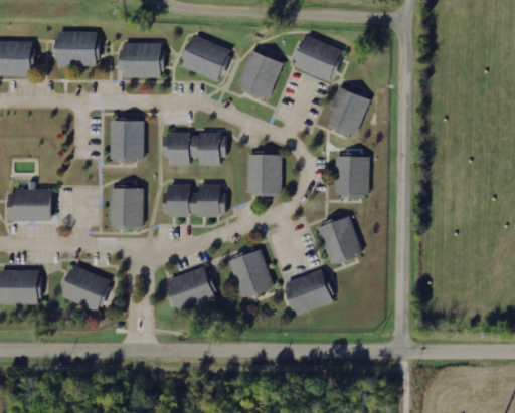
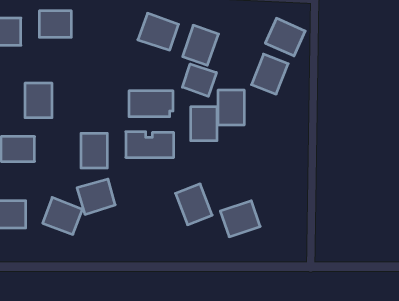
building: [293,35,343,82] -> [265,18,305,56]
building: [122,43,162,77] -> none
building: none -> [182,64,216,96]
building: [109,119,143,162] -> [25,83,52,118]
building: [334,154,367,197] -> [218,90,244,125]
building: [317,216,361,265] -> none
building: [167,268,215,313] -> [77,179,115,214]

